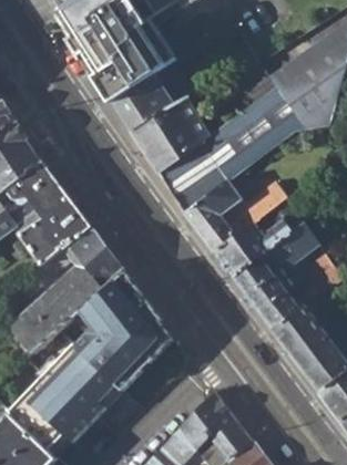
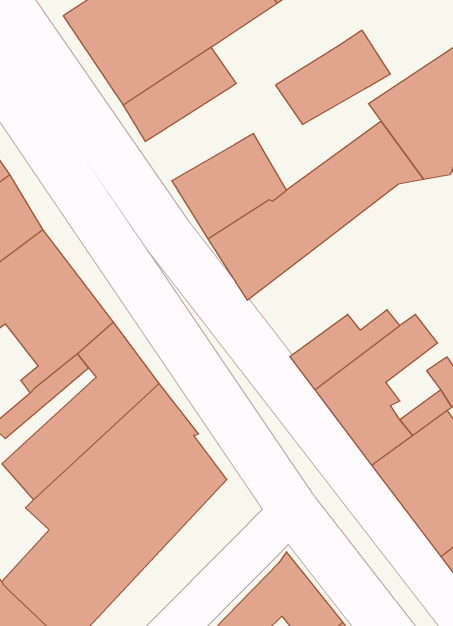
building: [112,62,193,128] -> [276,30,390,125]
building: [184,179,288,252] -> none

